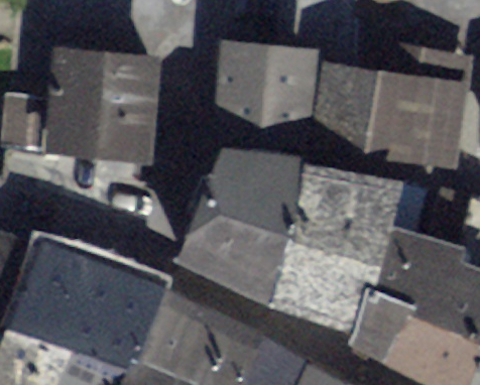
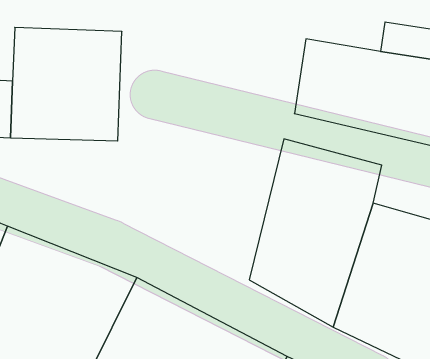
building: [217,44,320,134] -> none
building: [188,138,306,293] -> none

